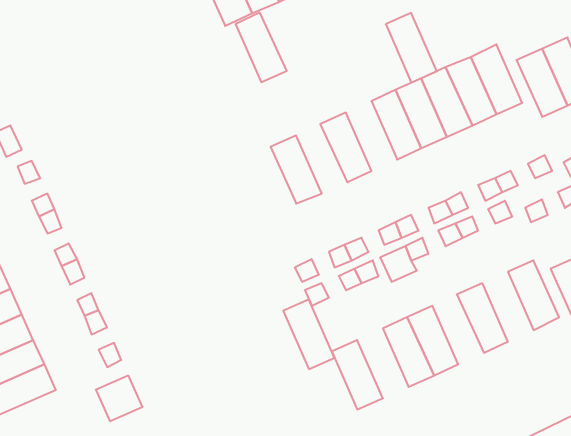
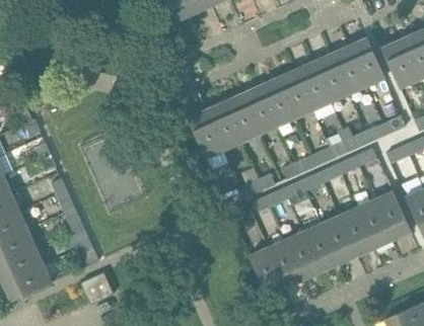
building: [236,13,287,82] -> [223,93,260,143]
building: [386,13,437,83] -> [259,77,295,127]
building: none -> [187,109,223,159]
building: none -> [356,198,393,248]
building: none -> [321,215,357,264]
building: [283,299,334,369] -> [267,239,303,289]

